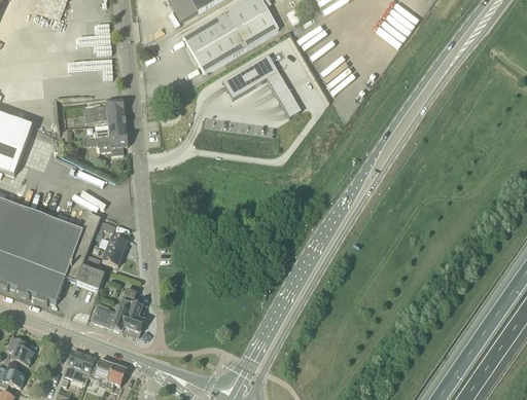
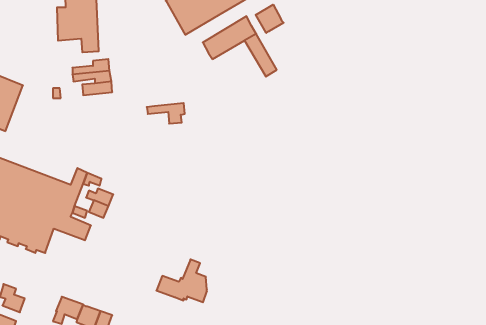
building: none -> [256,5,284,33]
building: [86,132,127,153] -> [147,103,185,124]
building: [90,286,143,331] -> [156,259,207,302]

